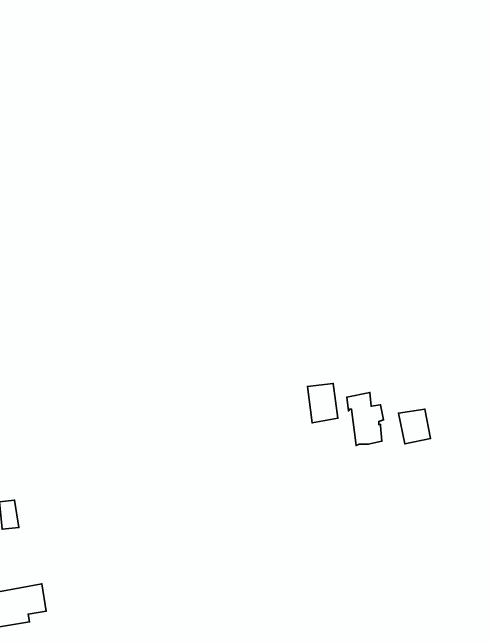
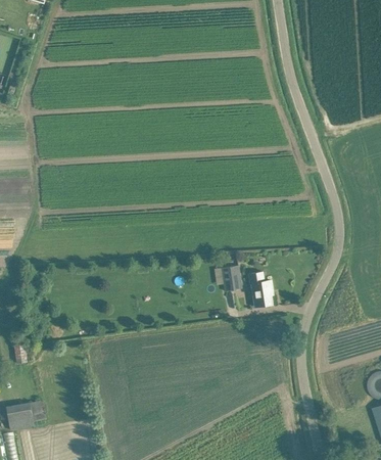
building: [399,409,431,444] -> none

